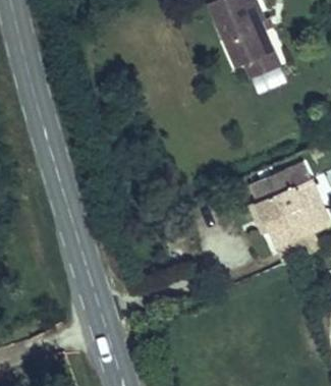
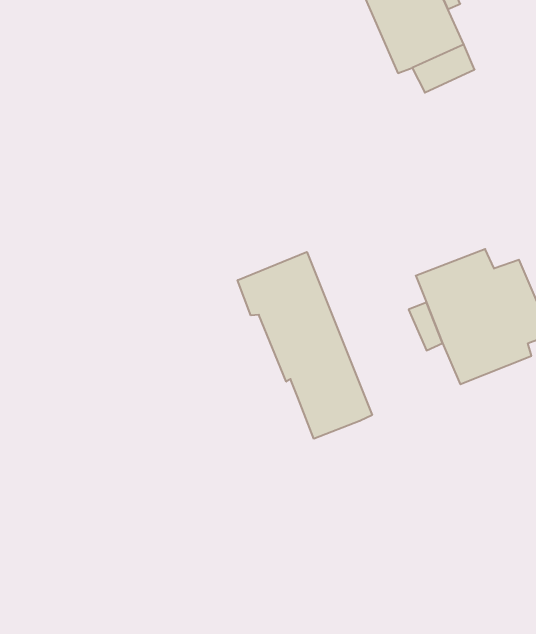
building: none -> [238,252,372,439]

